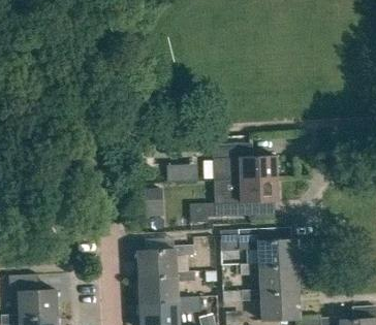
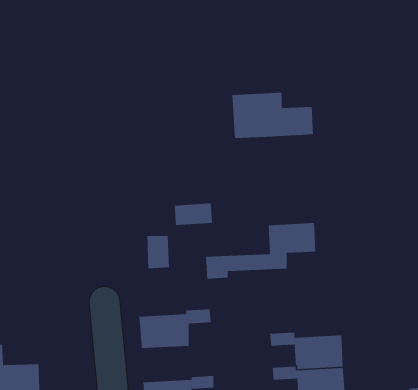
building: [210,144,275,182] -> [232,92,314,139]
building: [238,238,296,269] -> none
building: [137,272,194,304] -> none

